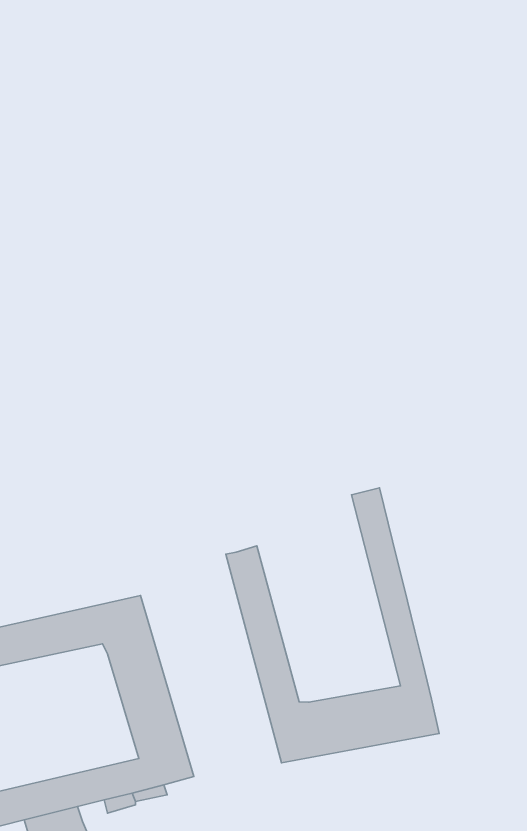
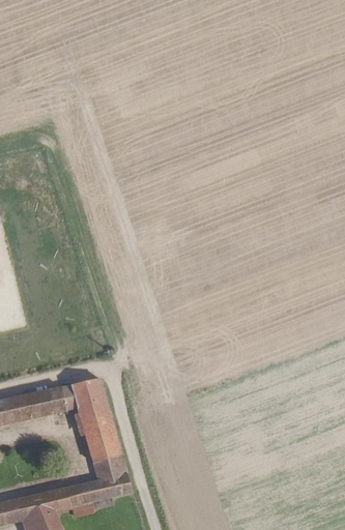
building: [226,488,439,763] -> none

